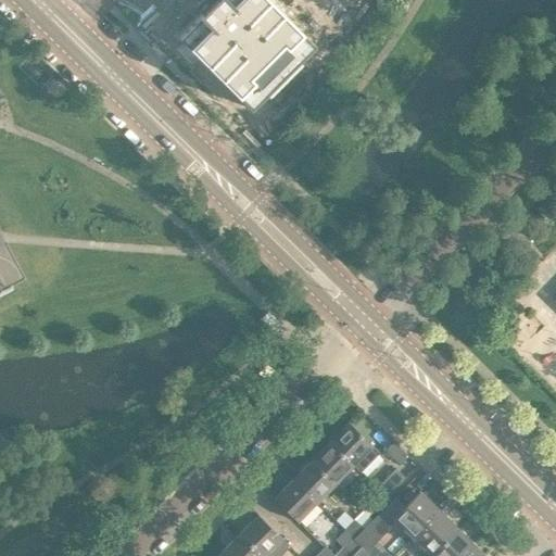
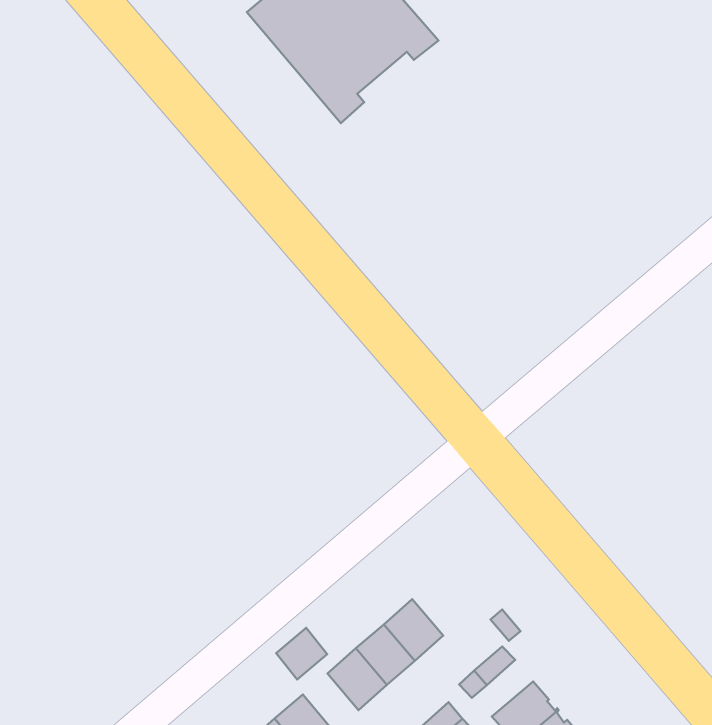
building: [330,424,381,473] -> none
building: none -> [276,628,327,680]

